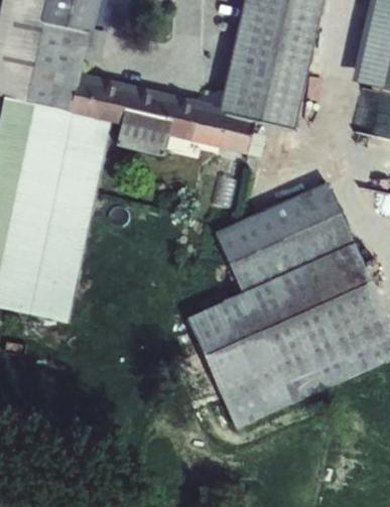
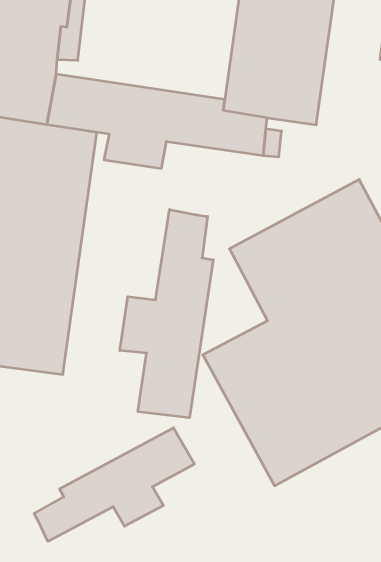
building: none -> [120,209,213,418]
building: none -> [34,428,194,541]

